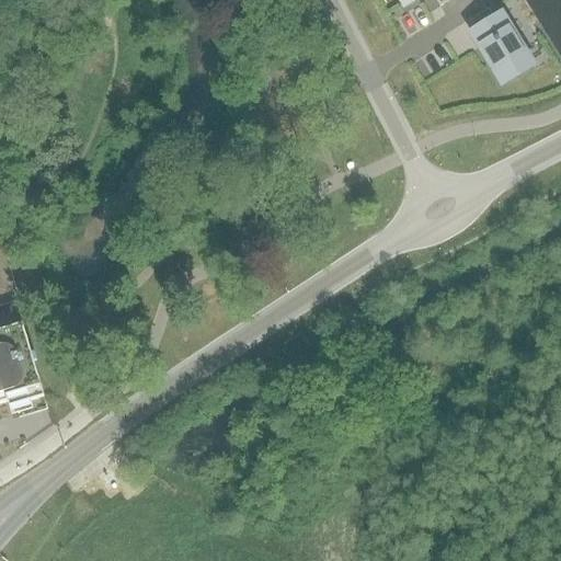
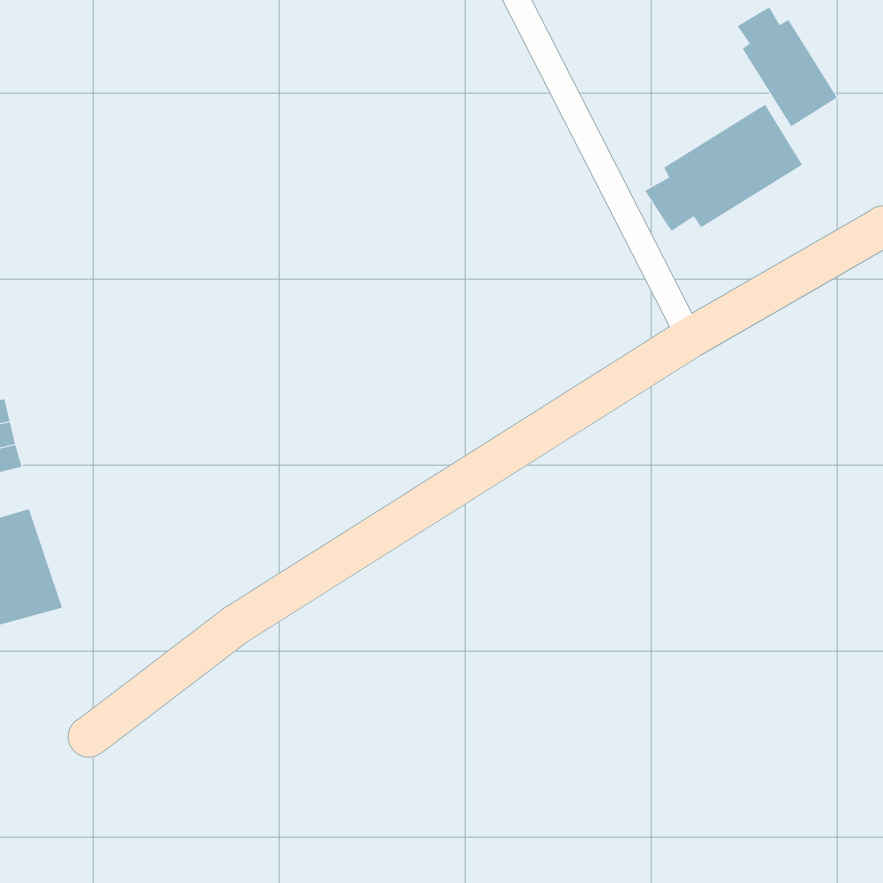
building: none -> [644,104,803,232]

